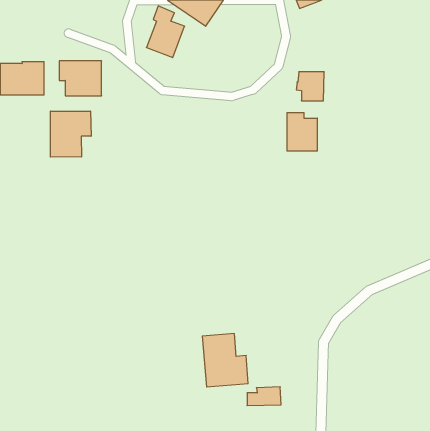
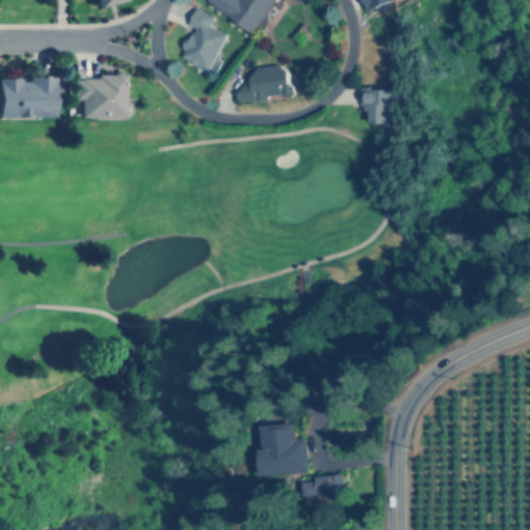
building: none -> [241,66,293,102]
building: [51,111,91,157] -> none
building: [287,113,317,151] -> none

